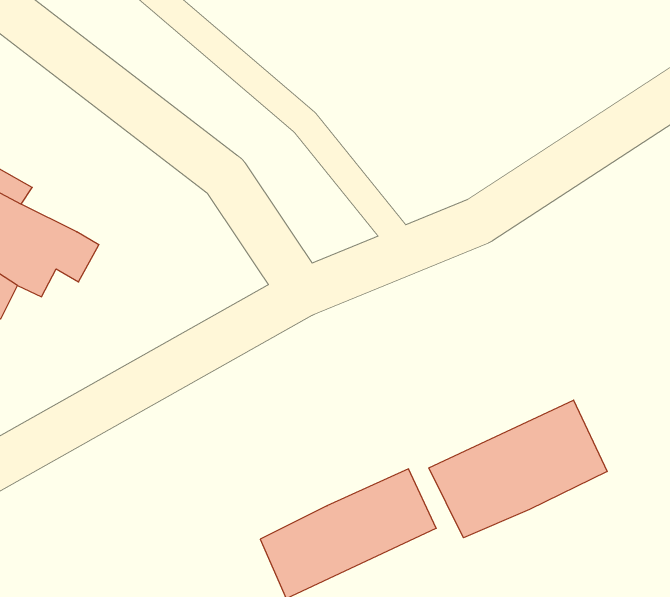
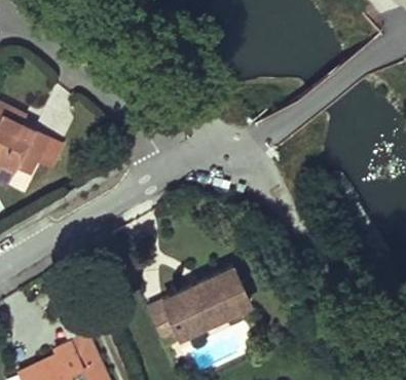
building: [429,400,607,538] -> none

